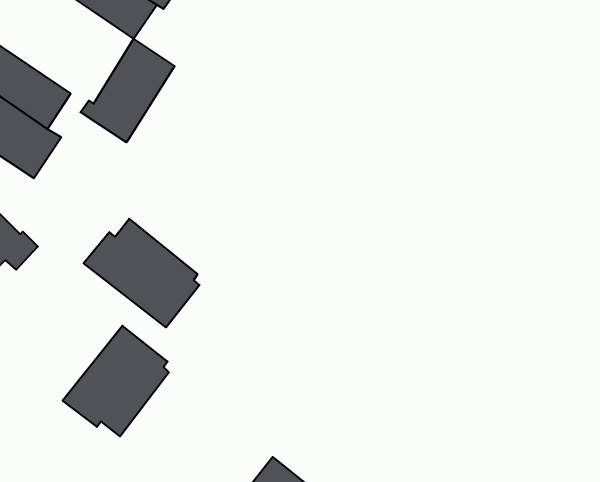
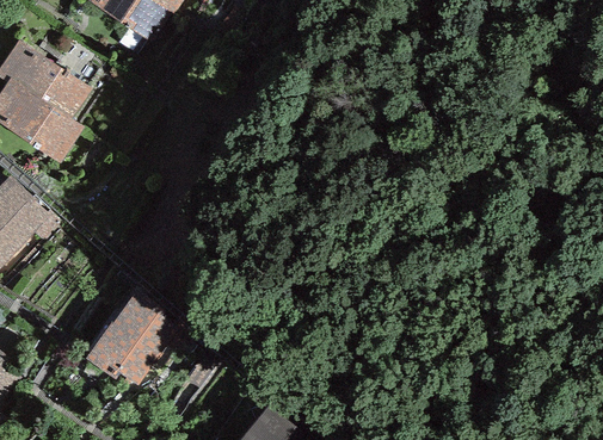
building: [80,39,175,142] -> none
building: [84,219,200,327] -> none

